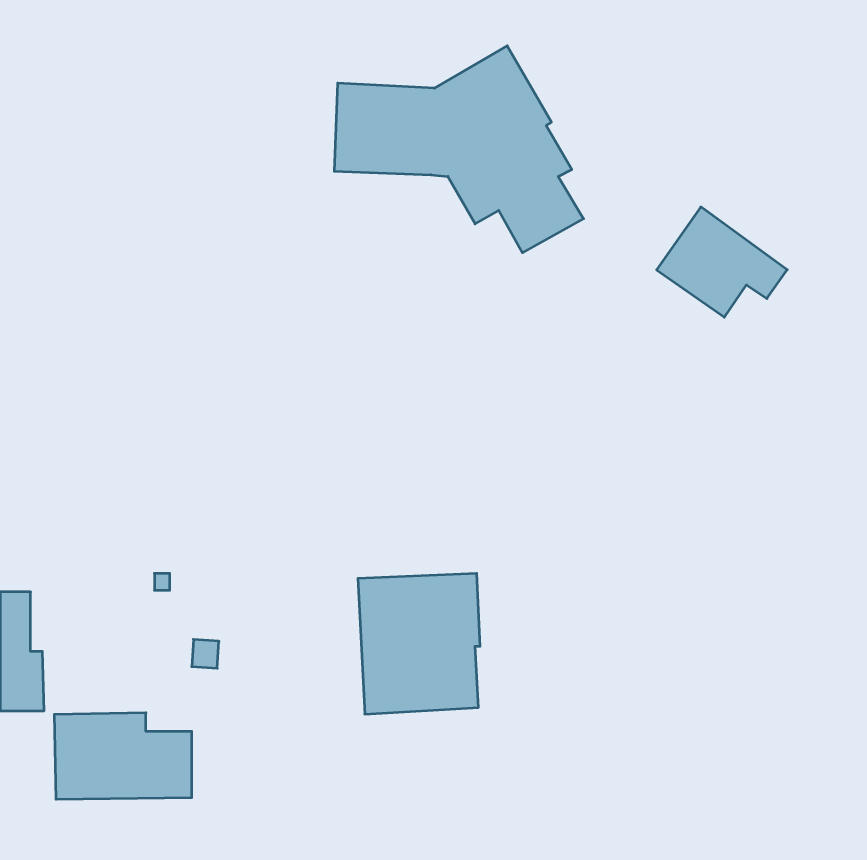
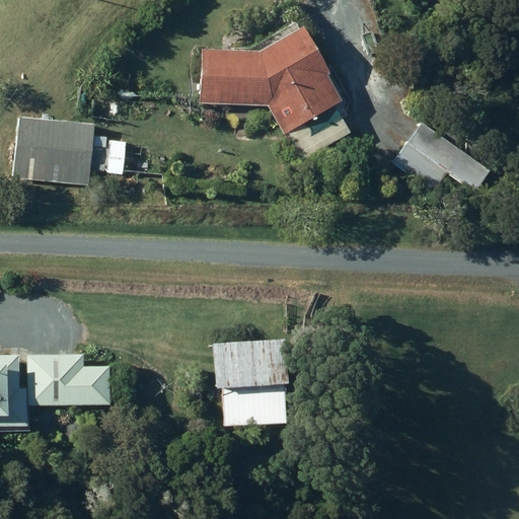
building: none -> [13,116,125,181]
building: [54,713,192,799] -> [26,354,108,405]

